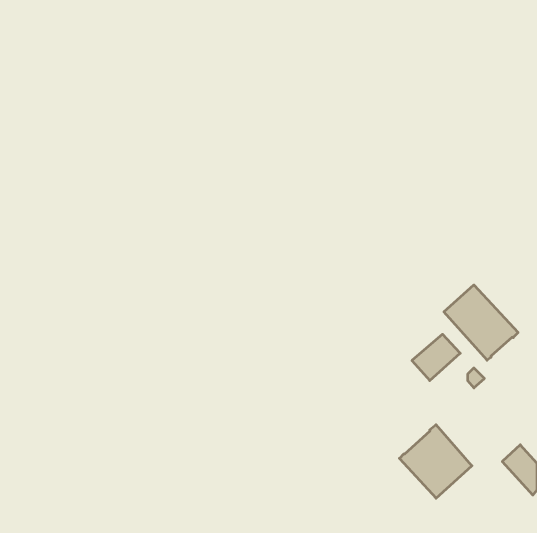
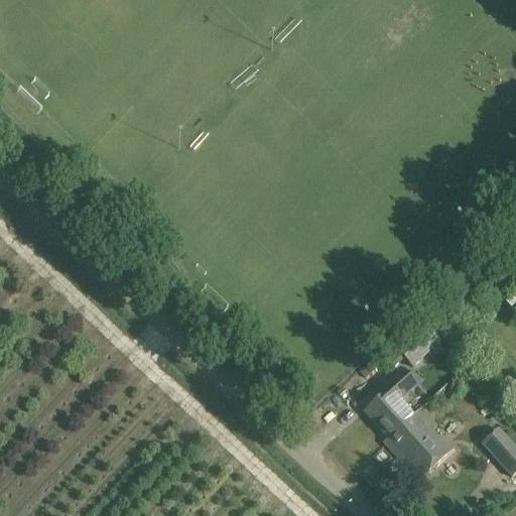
building: [444,285,518,360] -> none
building: none -> [364,368,417,435]

